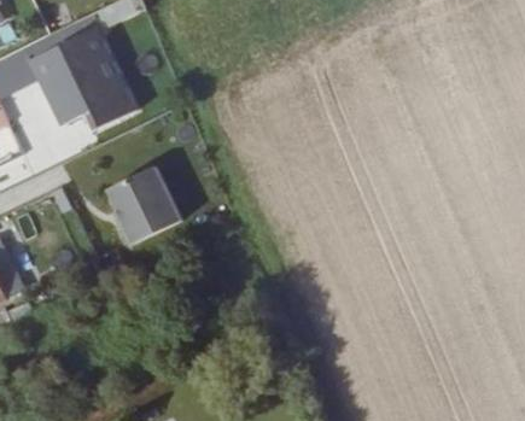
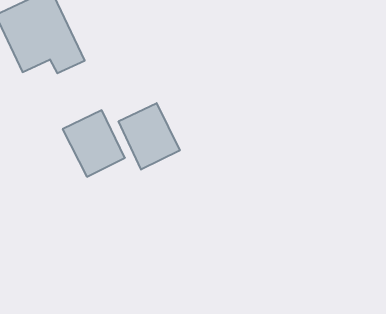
building: none -> [119,103,180,170]

